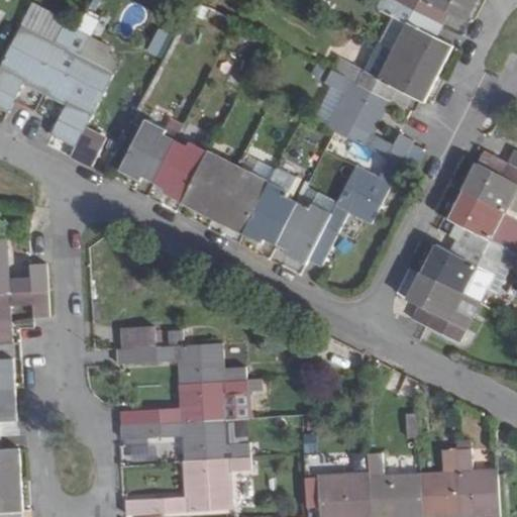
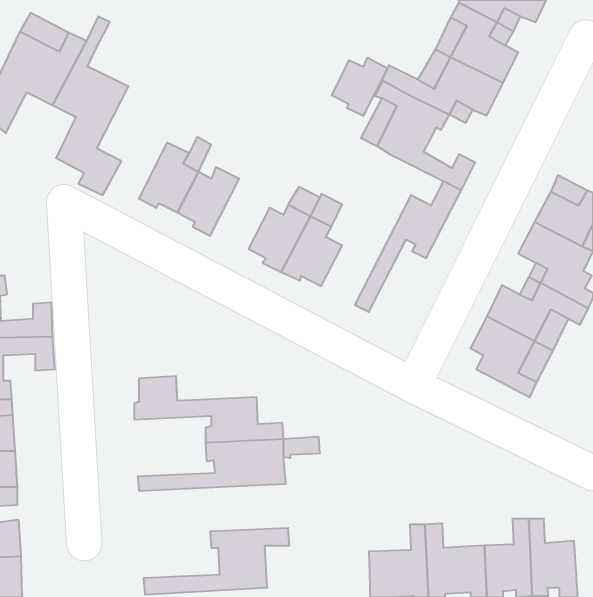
building: [76,35,119,75] -> none
building: none -> [332,58,387,116]
building: [182,154,233,215] -> none
building: [278,198,335,267] -> none
building: [120,419,249,459] -> none

